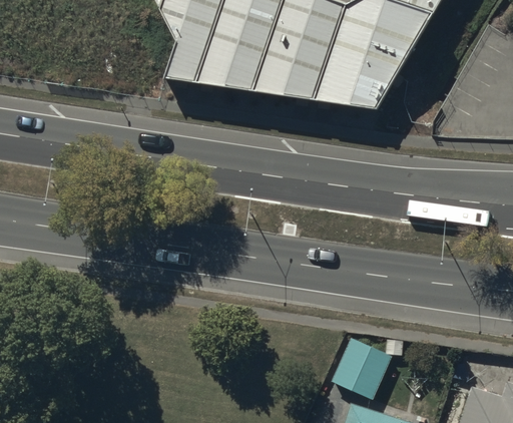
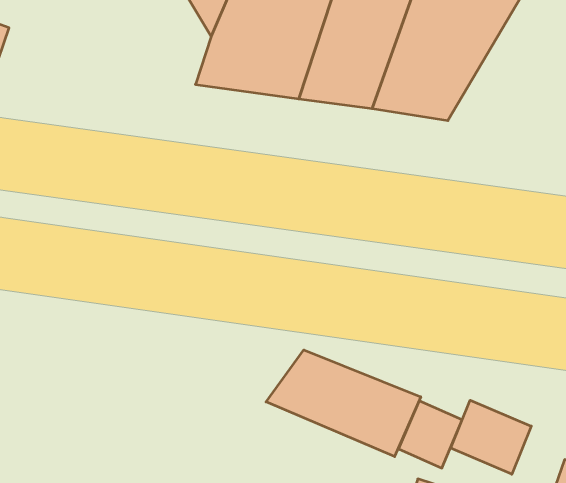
building: none -> [266,350,421,457]
building: none -> [451,400,531,474]

